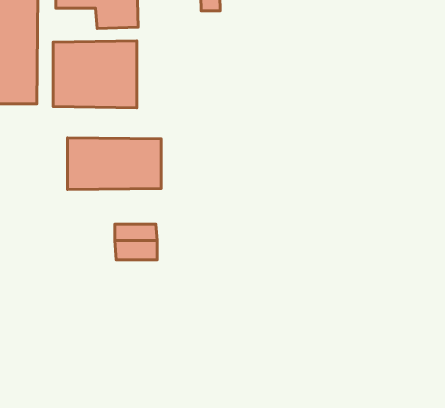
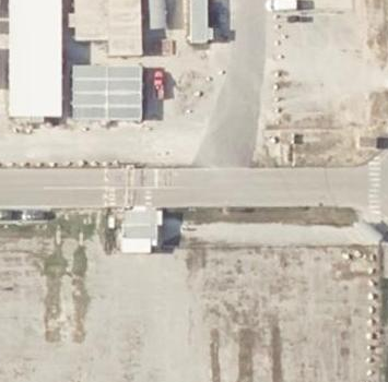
building: [67,138,161,190] -> none

